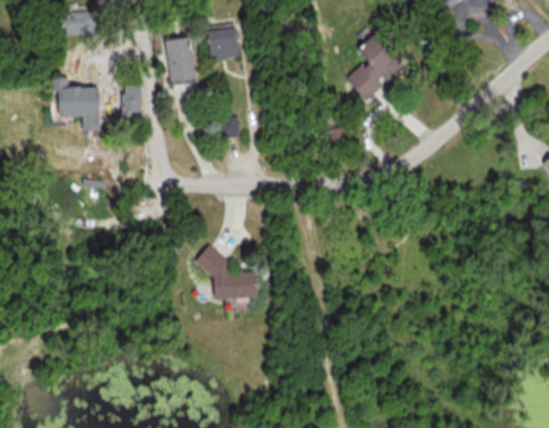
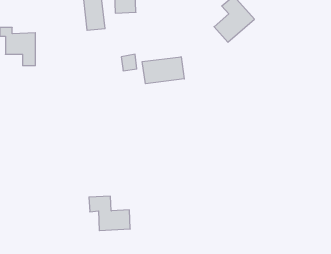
building: [122,87,140,116] -> none
building: none -> [142,57,184,84]
building: [200,253,257,300] -> [89,196,130,231]

